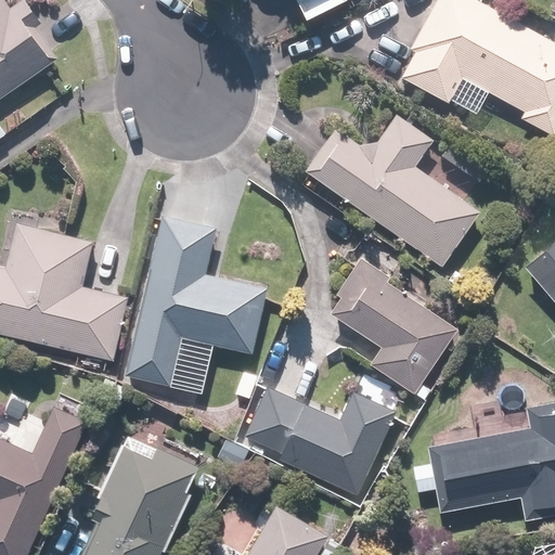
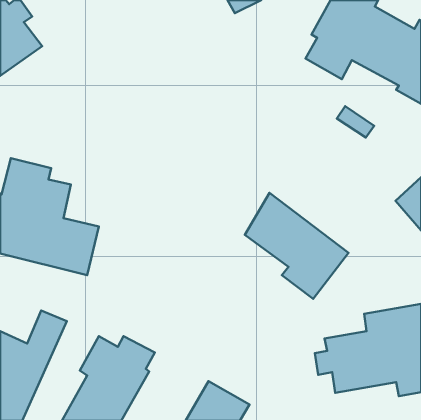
building: [302,115,480,273] -> none
building: [127,211,268,384] -> none
building: [238,383,395,492] -> none

